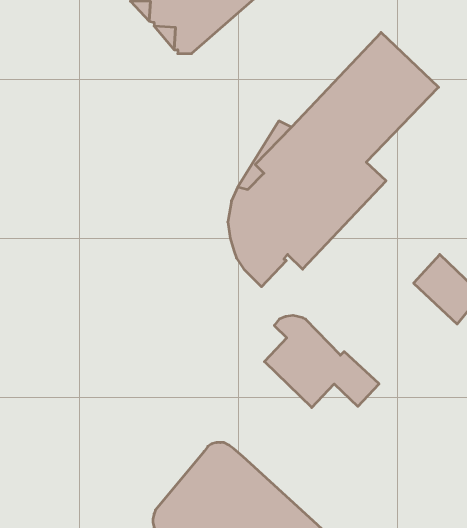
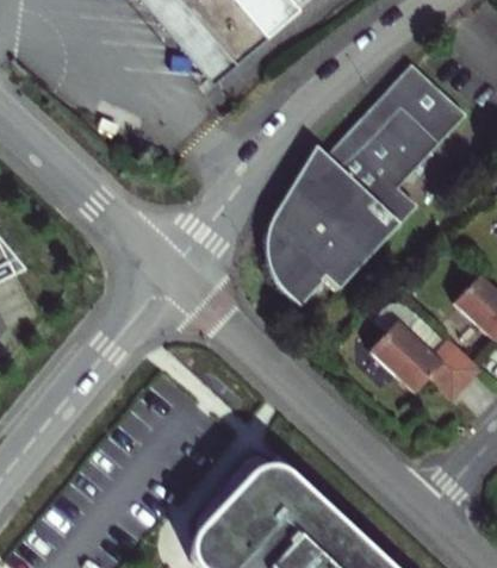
building: [264,315,379,408] -> [372,300,482,388]

